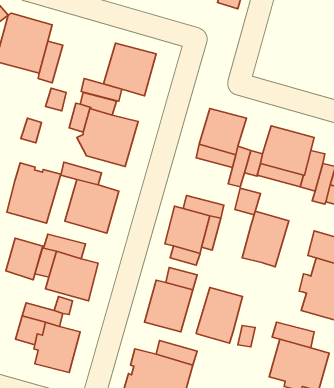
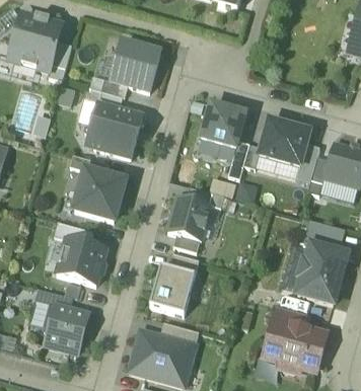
building: [7,163,61,223] -> none
building: [242,211,289,267] -> none
building: [6,238,43,280] -> none
building: [196,287,242,343] -> none

